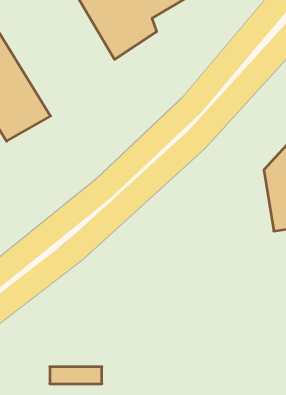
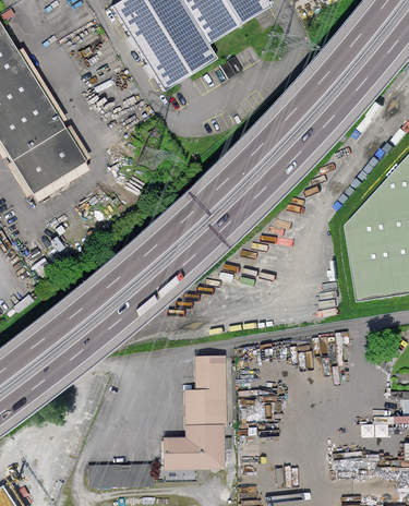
building: none -> [165,358,224,469]

